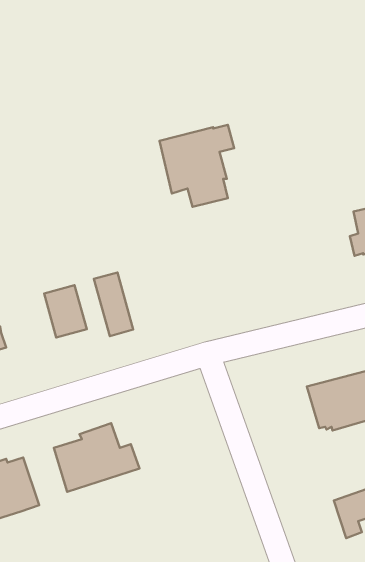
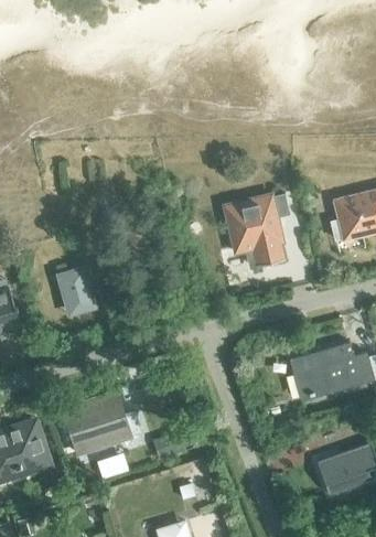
building: [160,125,234,207] -> [227,202,294,276]
building: [94,273,133,336] -> none

